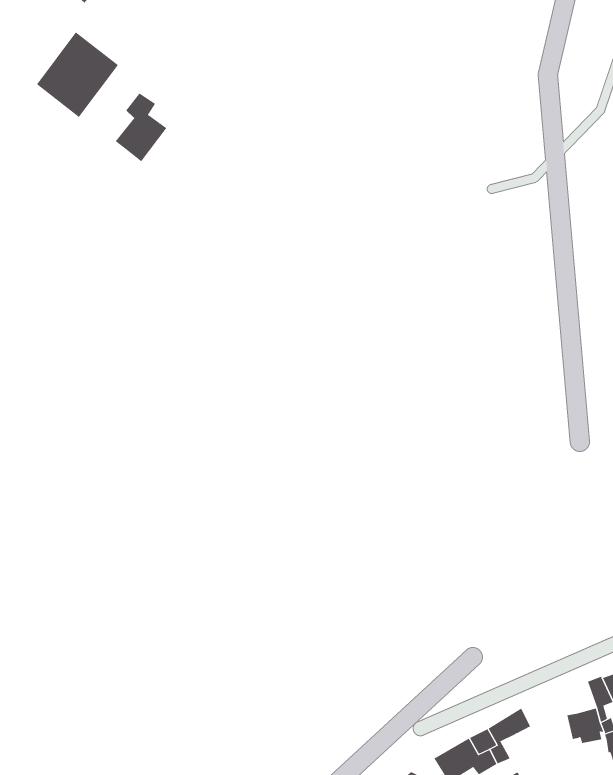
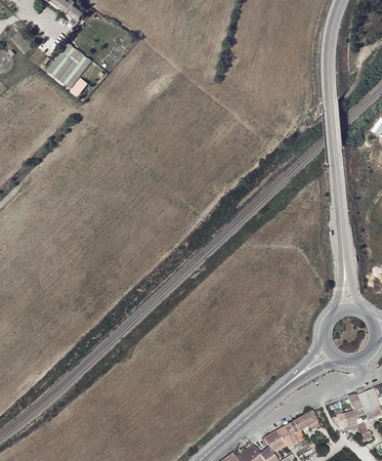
building: [115,92,167,162] -> none

